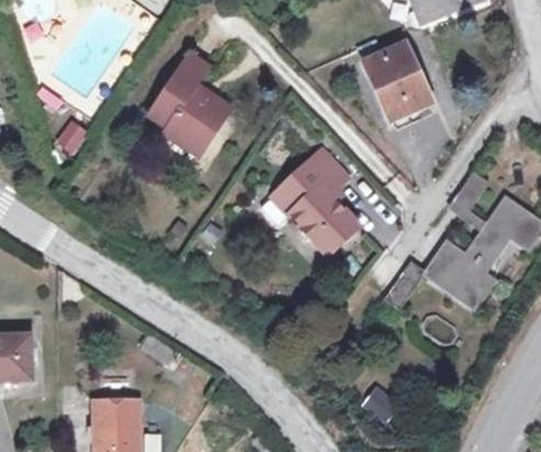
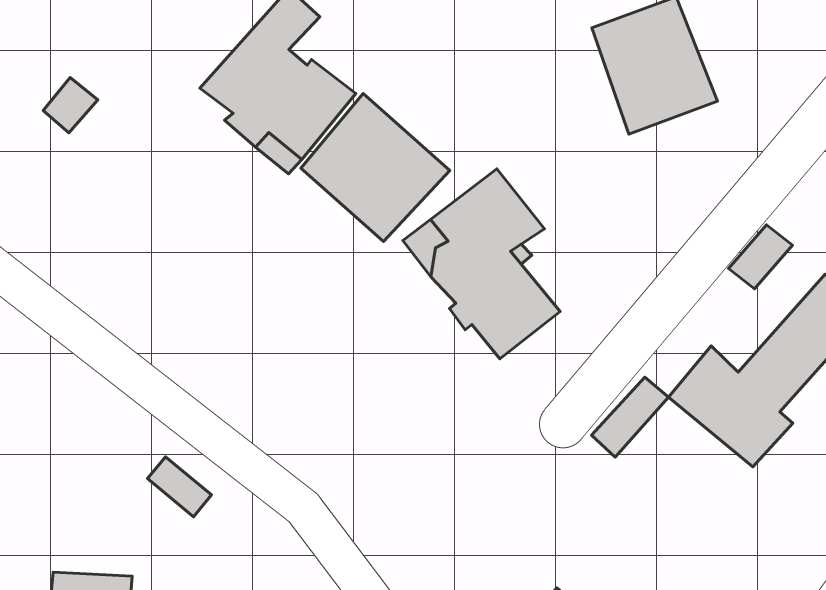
building: none -> [301,94,450,242]

